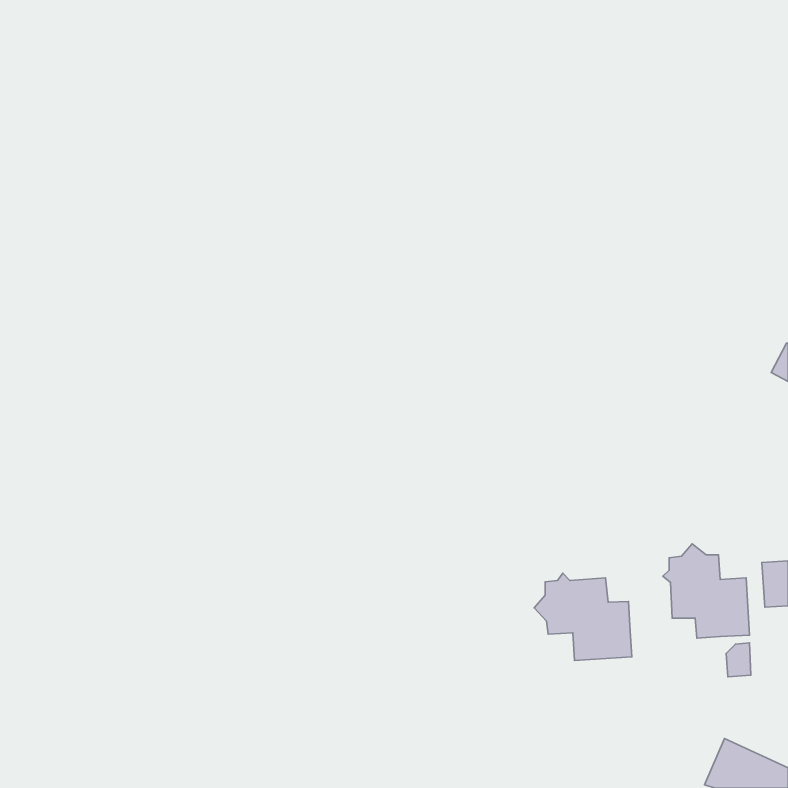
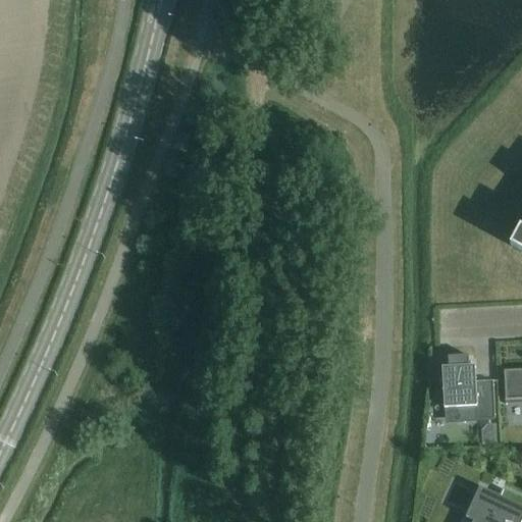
building: [534,573,632,661] -> none

